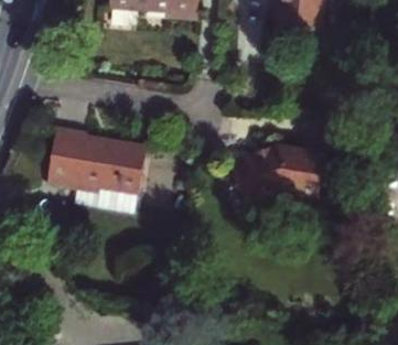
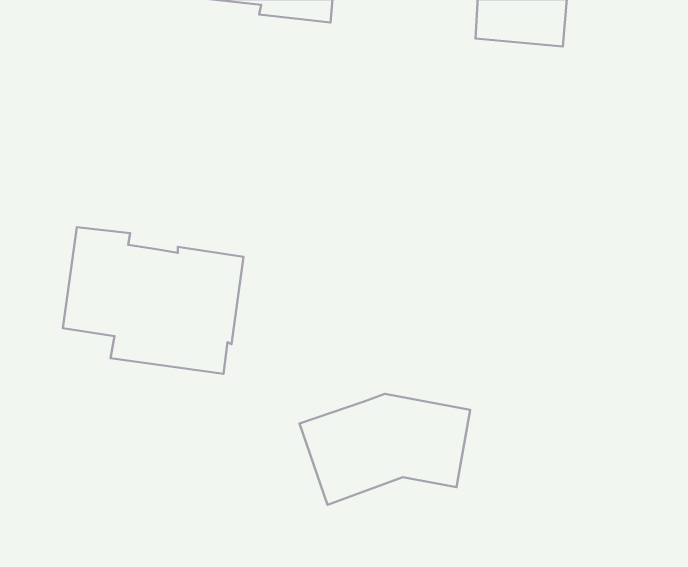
building: [222,158,316,219] -> [300,394,470,505]

